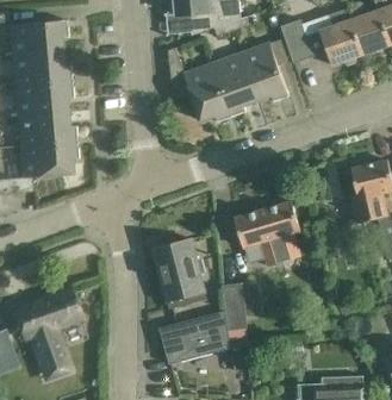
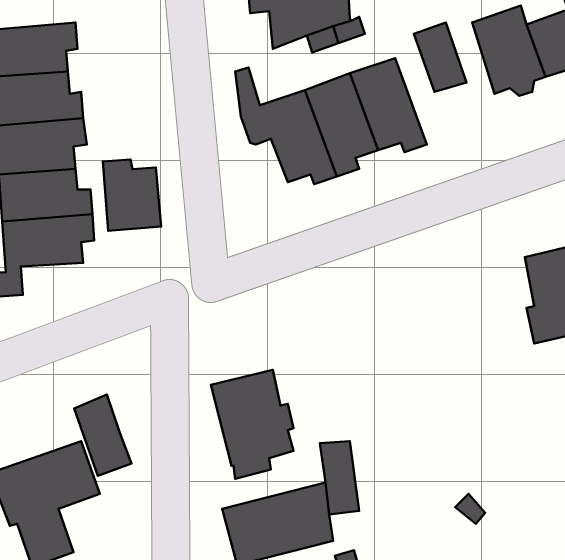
building: none -> [103,159,161,231]
building: [235,201,300,267] -> none
building: none -> [74,395,131,476]

